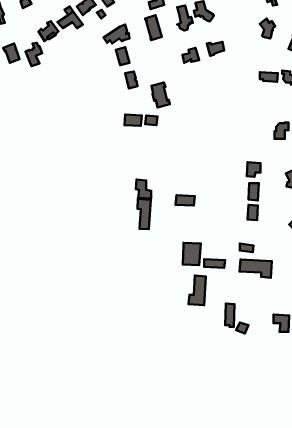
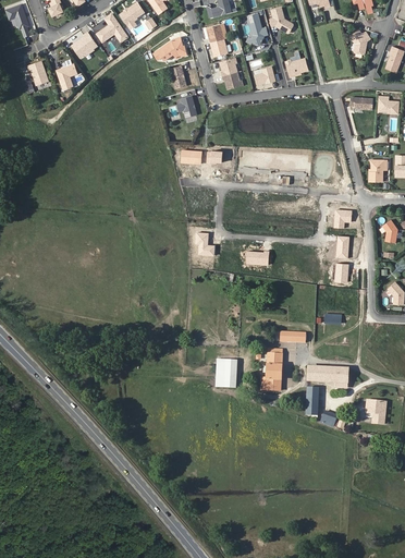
building: [152,83,170,108] -> [219,58,242,89]
building: [137,199,151,229] -> none
building: [183,243,201,265] -> [214,360,237,388]
building: [240,260,272,278] -> [307,366,347,389]

